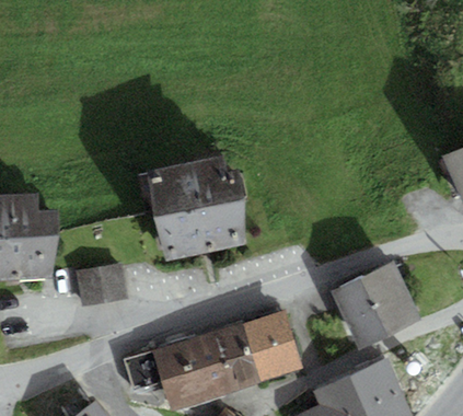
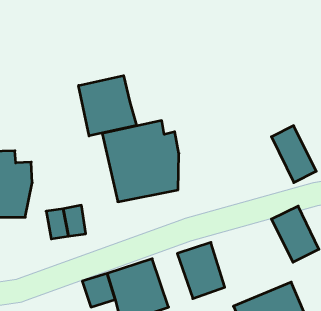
building: none -> [79,76,137,136]
building: [332,277,389,349] -> [271,126,316,183]
building: [210,321,262,392] -> none

